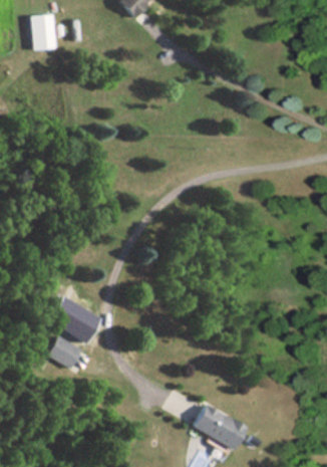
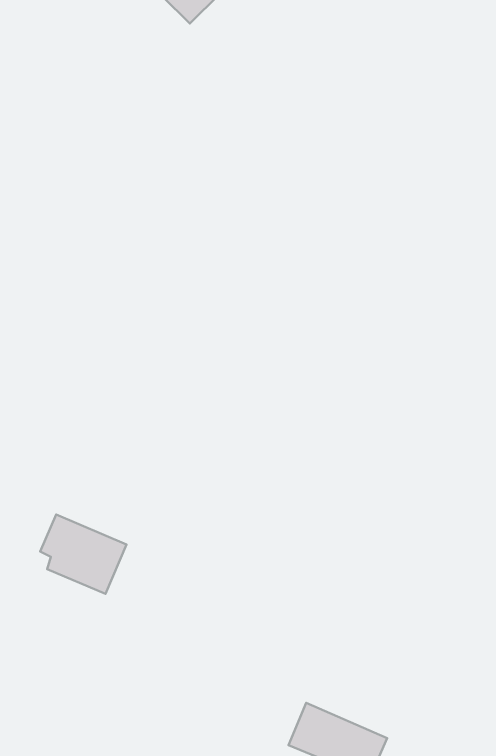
building: [32,14,56,49] -> none
building: [45,334,81,373] -> none

